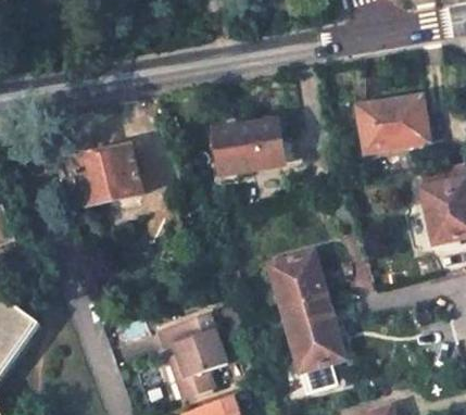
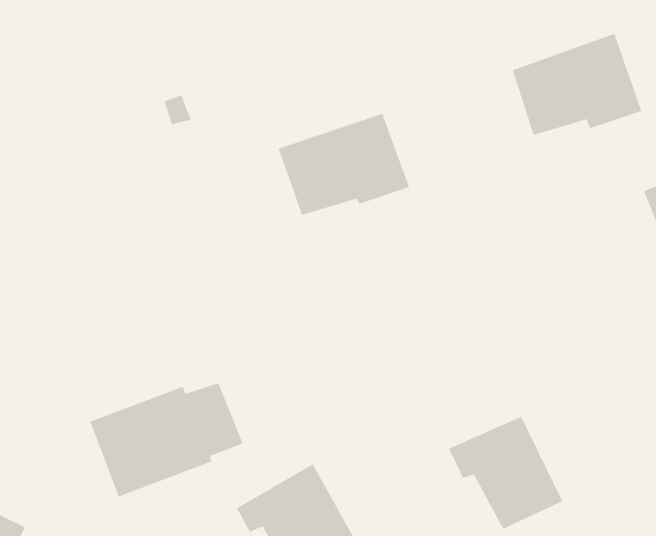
building: [72,146,158,203] -> [89,382,244,497]
building: [276,251,329,316] -> none

